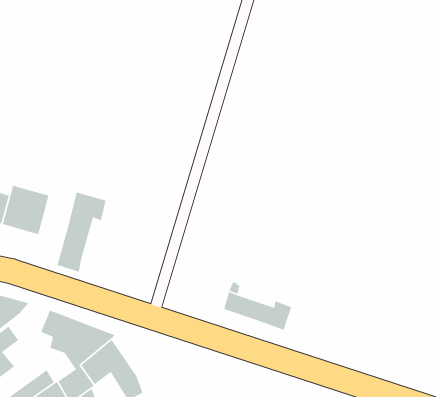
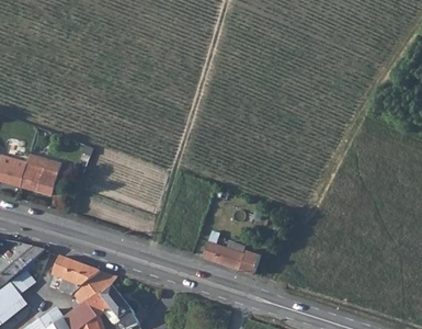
building: [56,192,106,273] -> none

